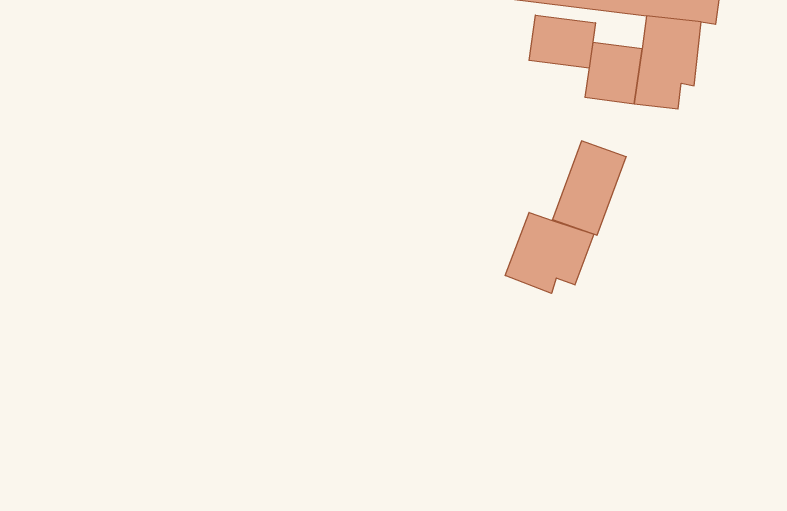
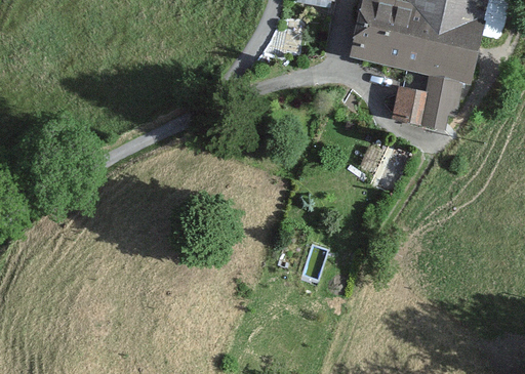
building: [529,15,595,68] -> none
building: [505,212,594,293] -> none

